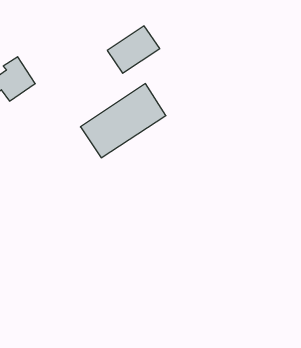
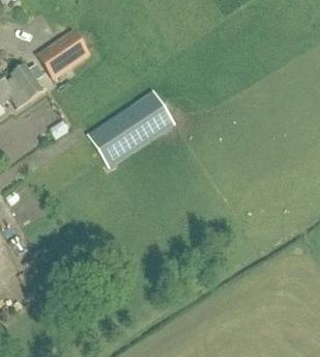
building: [107,26,160,73] -> [37,32,90,80]

